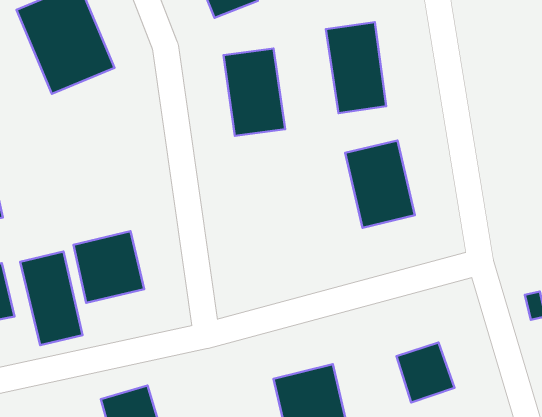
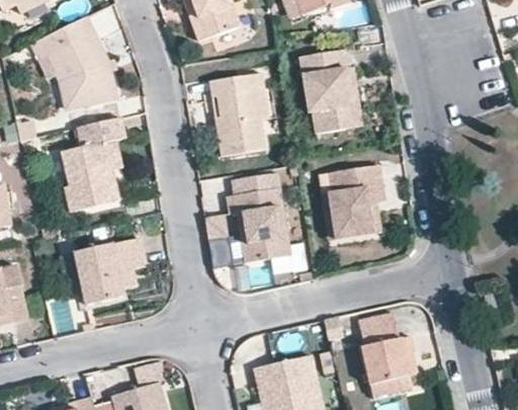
building: none -> [54,115,141,213]
building: none -> [230,176,289,264]
building: [20,252,83,345] -> none

